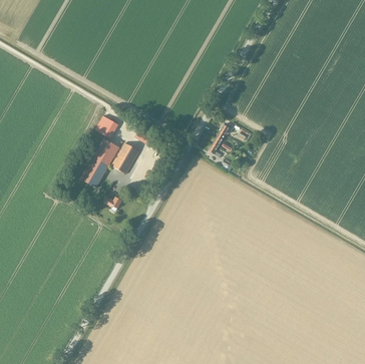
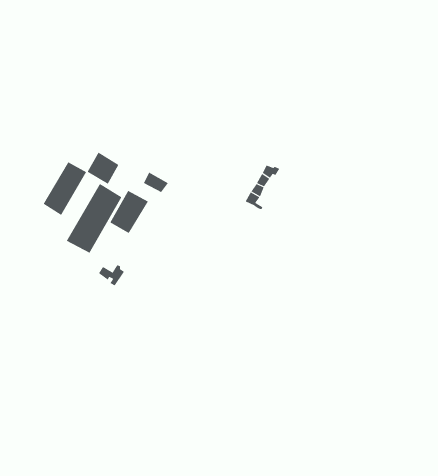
building: none -> [43,161,87,216]

